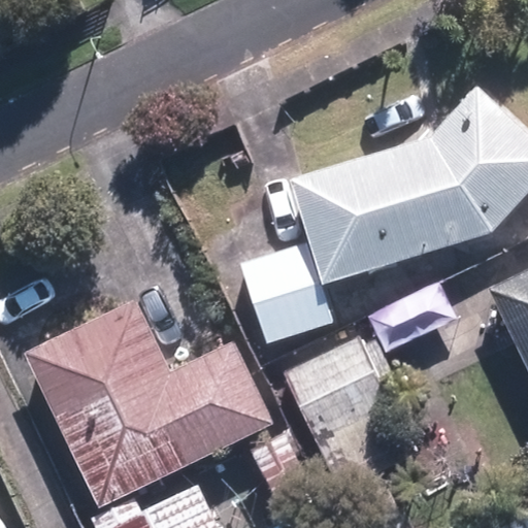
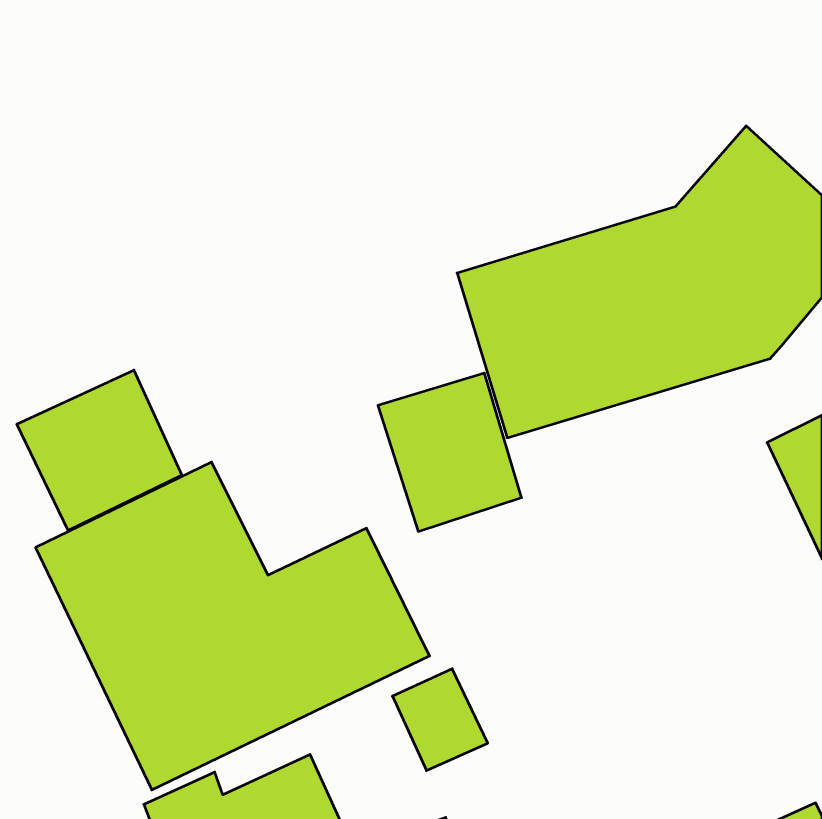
building: none -> [17,370,182,531]
building: [284,338,415,492] -> none

